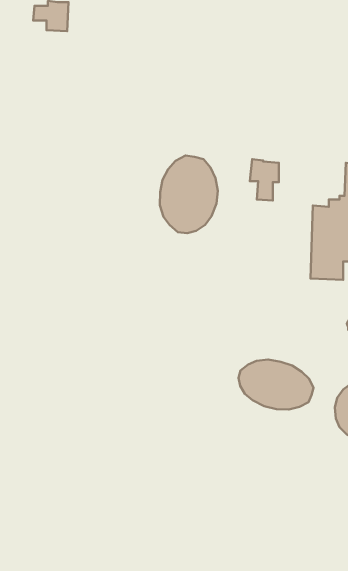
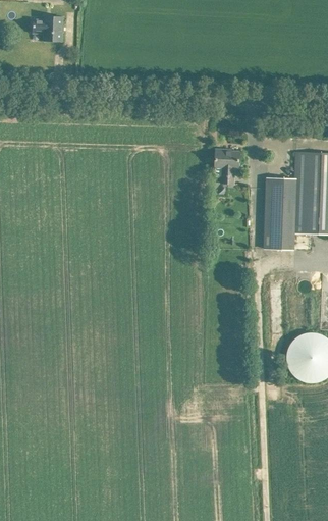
building: [160,156,218,233] -> none
building: [239,360,313,409] -> none

